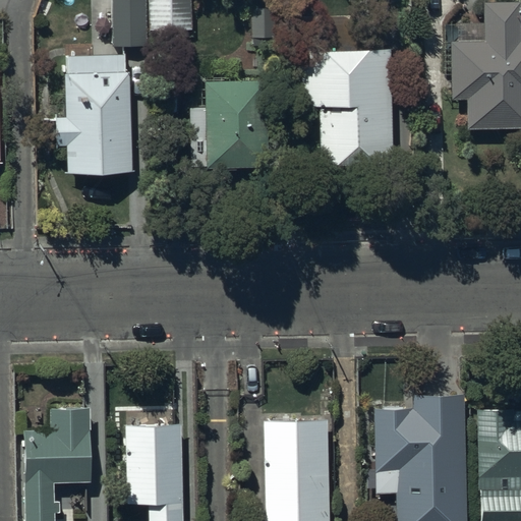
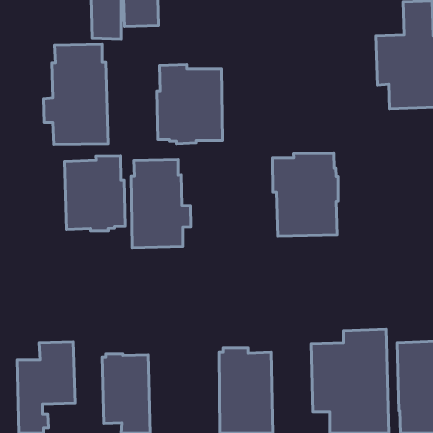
building: [301,51,392,167] -> none
building: none -> [272,153,338,236]
building: none -> [64,156,125,231]
building: none -> [131,159,191,248]

